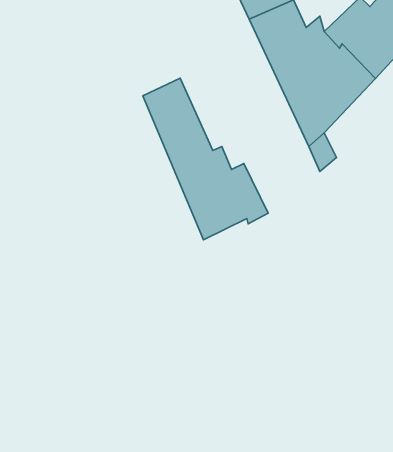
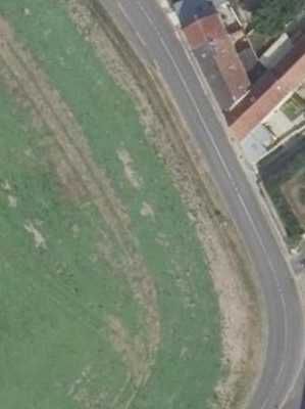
building: [143,78,268,240] -> none

